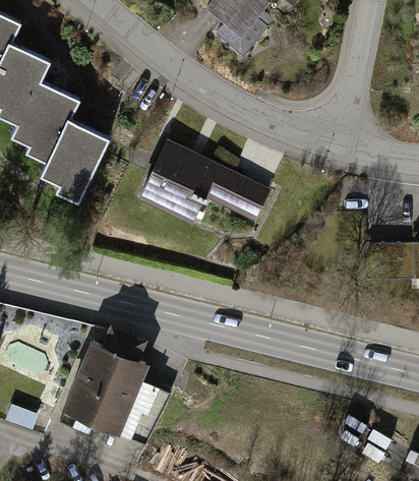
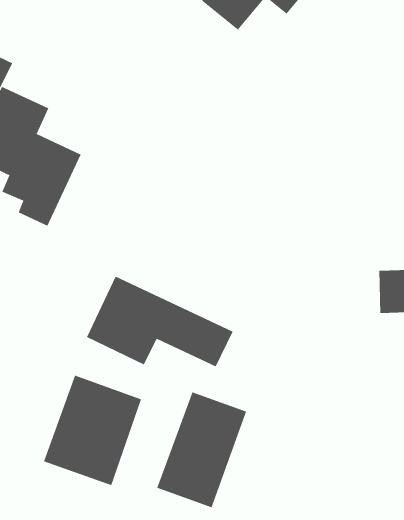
building: [141,138,271,219] -> [86,276,234,367]
building: none -> [157,392,247,508]

